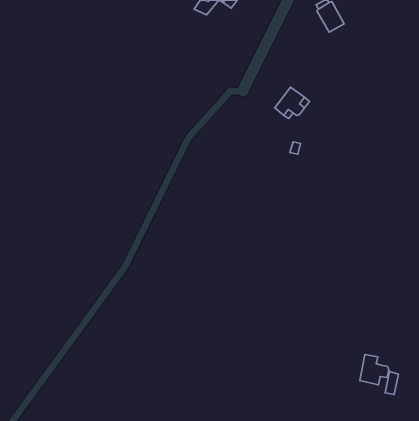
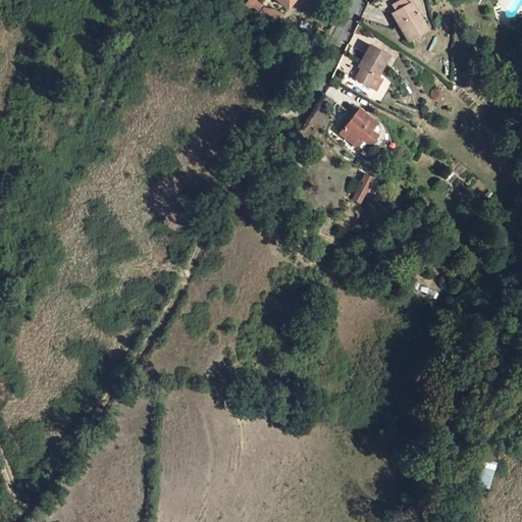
building: none -> [357,44,389,90]
building: [360,355,389,385] -> none

